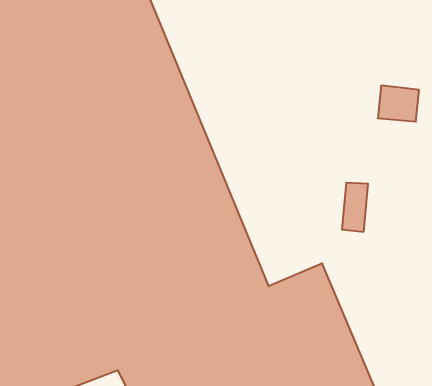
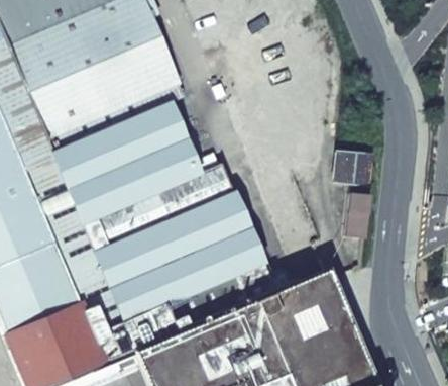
building: [378,86,419,122] -> [331,156,369,189]

